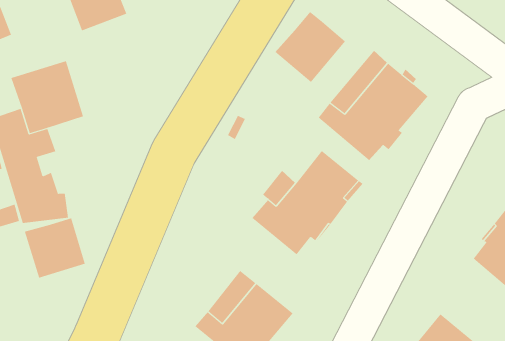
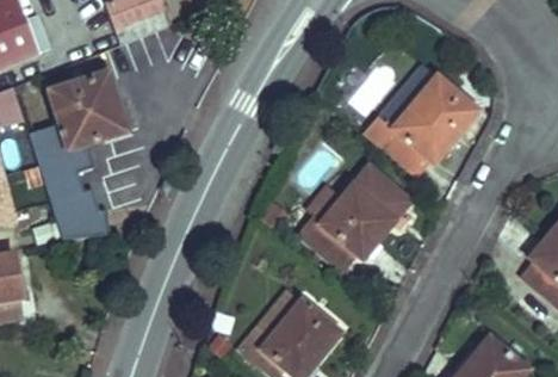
building: [275,11,346,83] -> none
building: [24,218,86,279] -> none

